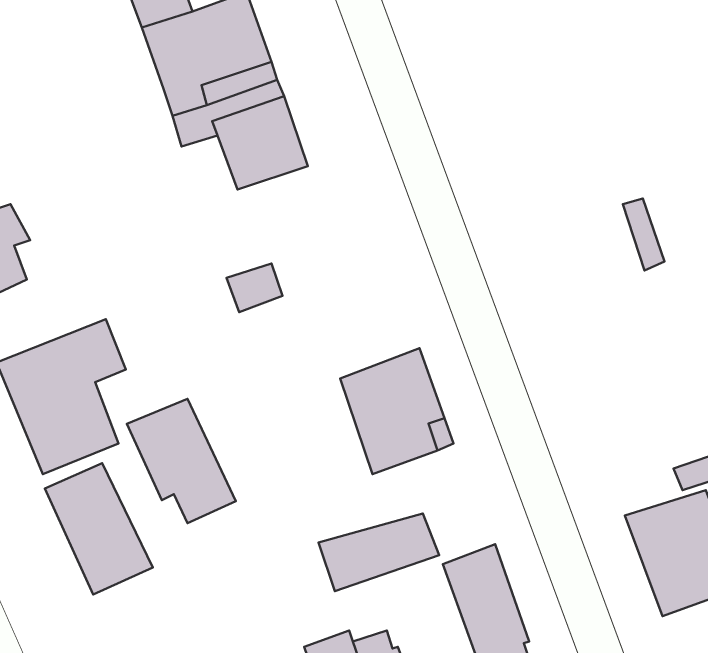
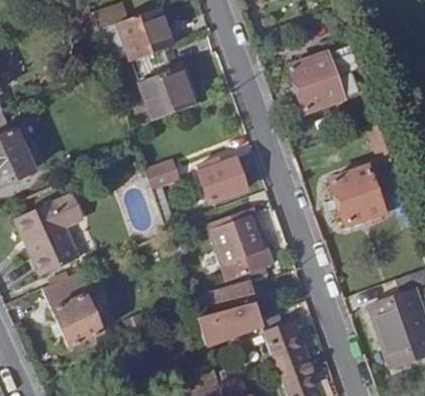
building: none -> [292,46,361,113]
building: none -> [179,161,247,211]
building: none -> [331,166,386,225]
building: [127,399,236,523] -> none
building: none -> [212,284,256,313]

